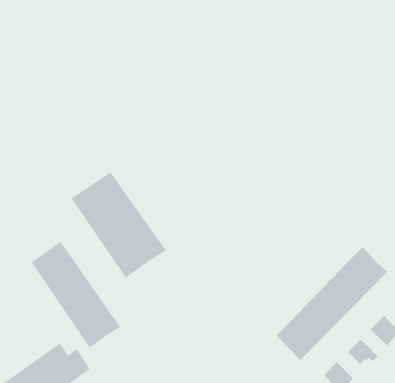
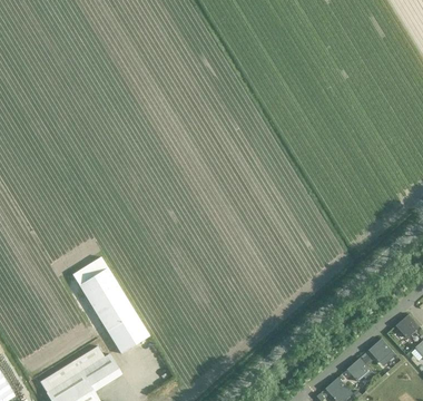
building: [71,171,166,279] -> none
building: [276,246,388,361] -> none

